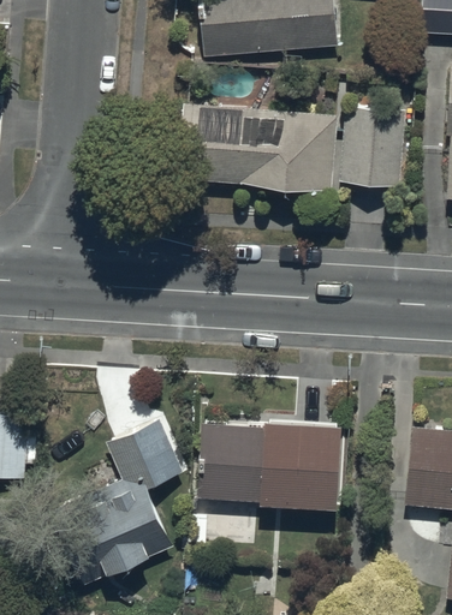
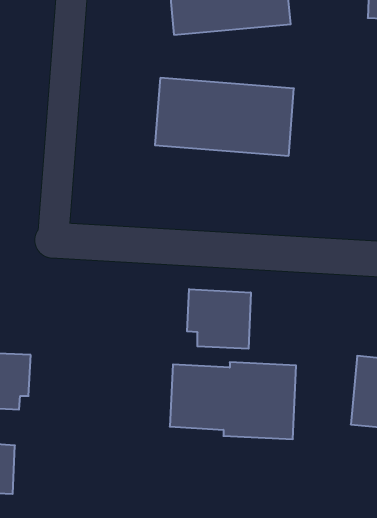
building: [341,106,408,187] -> none
building: none -> [187,289,251,349]
building: [50,423,183,591] -> none

